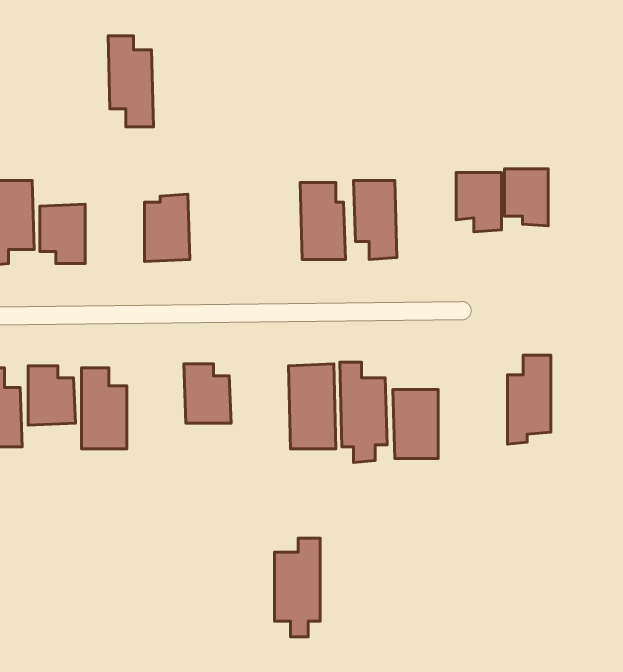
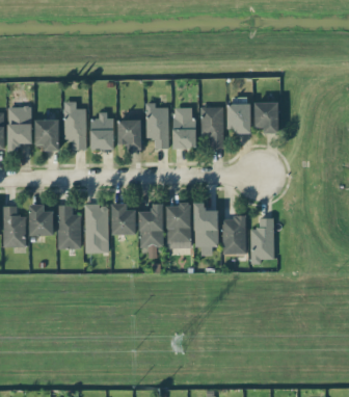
building: [108,36,153,127] -> [62,101,86,149]
building: [505,169,548,226] -> [227,103,250,133]
building: none -> [145,102,168,148]
building: none -> [117,118,141,148]
building: [507,355,551,444] -> [250,217,273,264]
building: none -> [84,204,109,253]
building: [275,538,320,637] -> [139,203,163,255]

